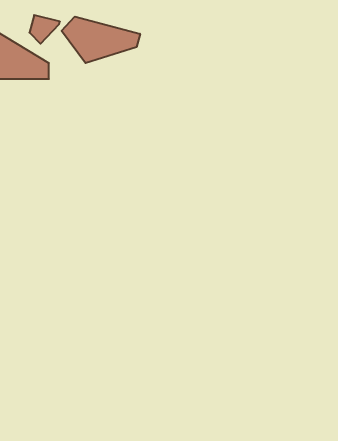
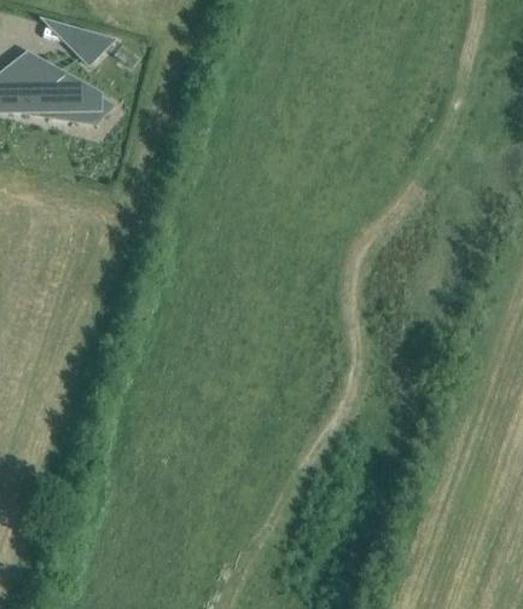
building: [62,17,140,63] -> none

